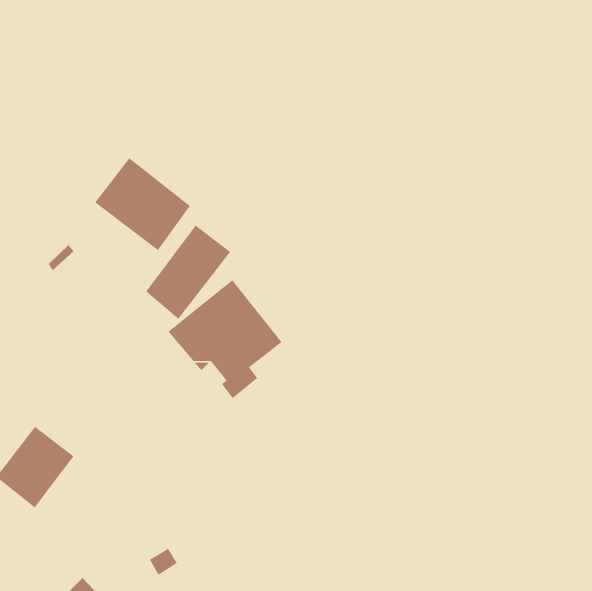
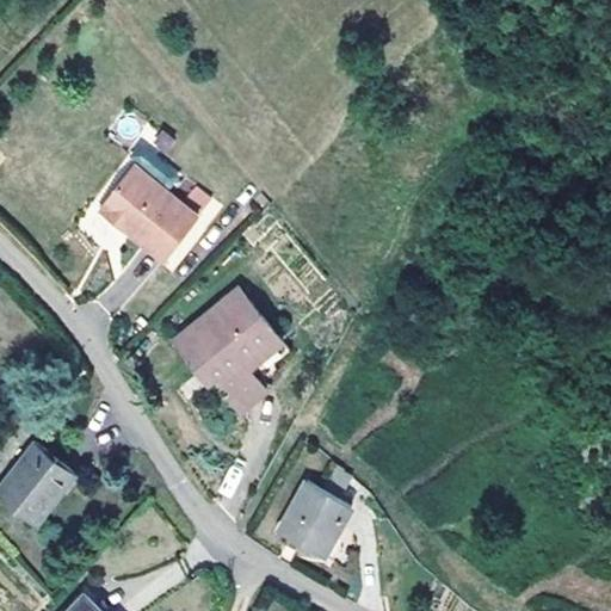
building: [145,225,231,320] -> none
building: none -> [278,468,350,560]

